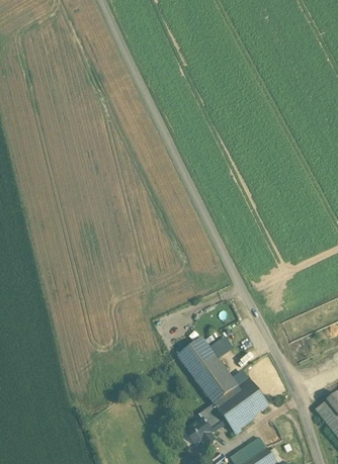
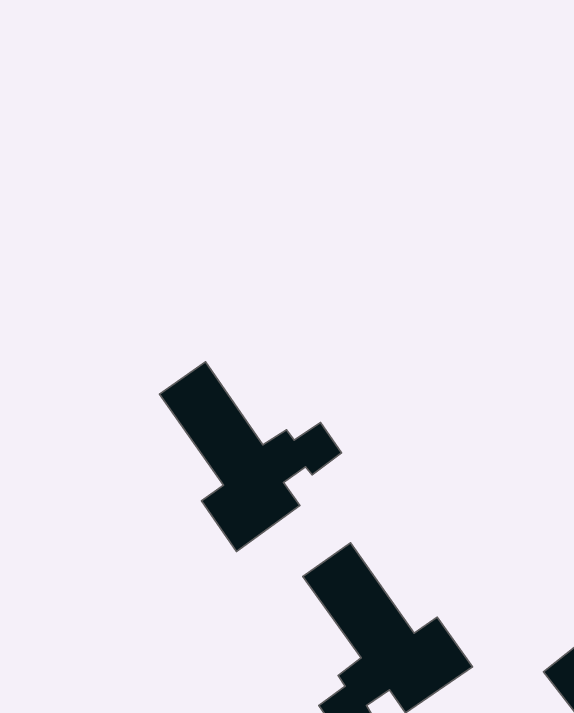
building: none -> [160,362,342,551]

